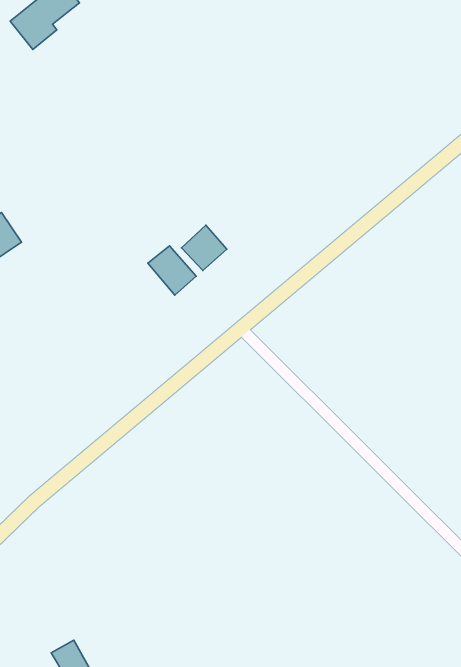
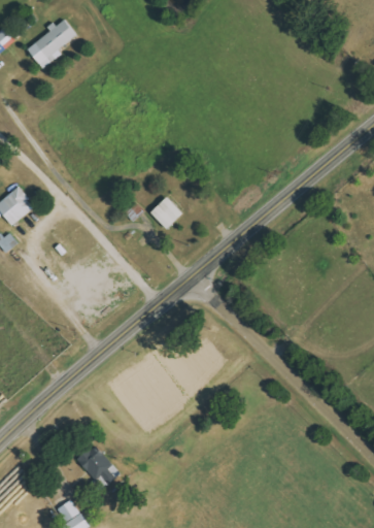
building: [148,246,196,295] -> none
building: none -> [76,444,118,484]

